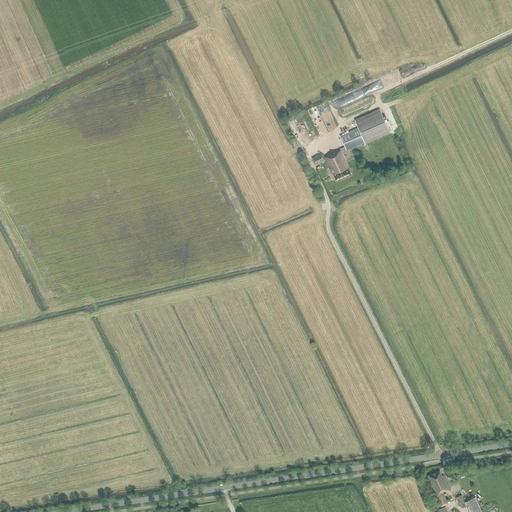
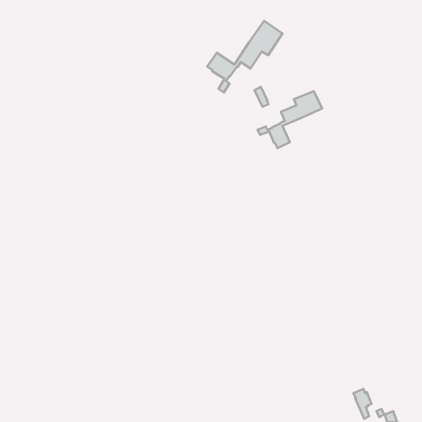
building: none -> [207,21,282,93]

